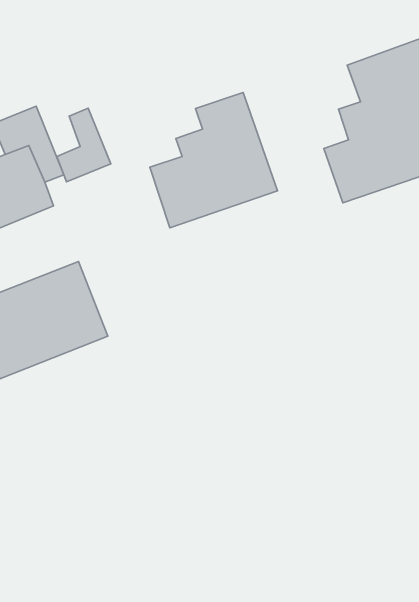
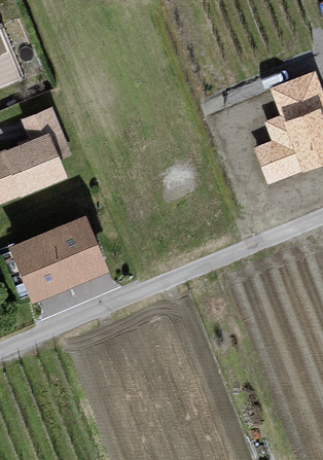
building: [150,92,277,228] -> none
building: [57,108,111,182] -> none

